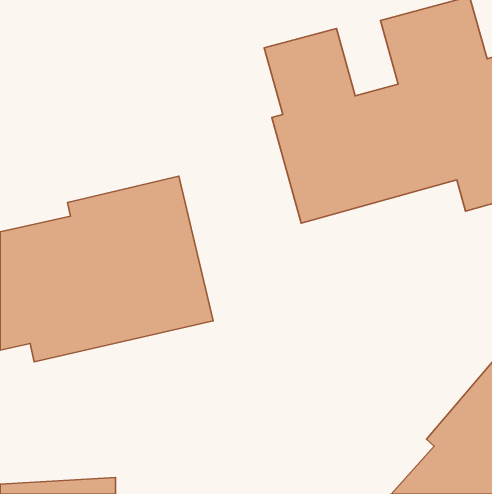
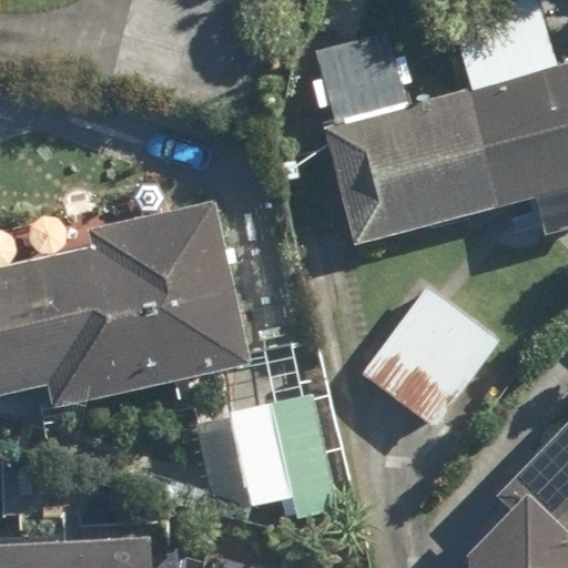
building: none -> [352,280,503,436]
building: none -> [227,393,345,518]

